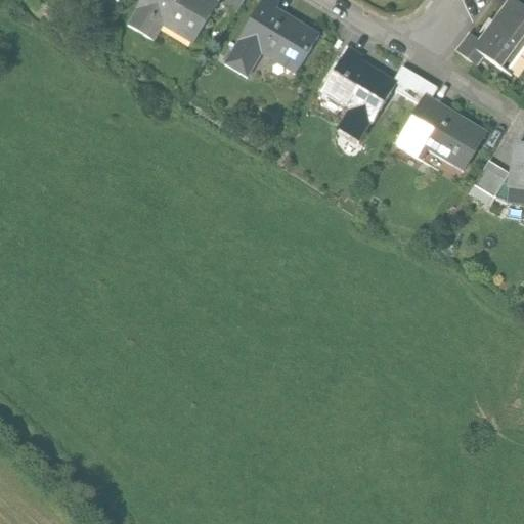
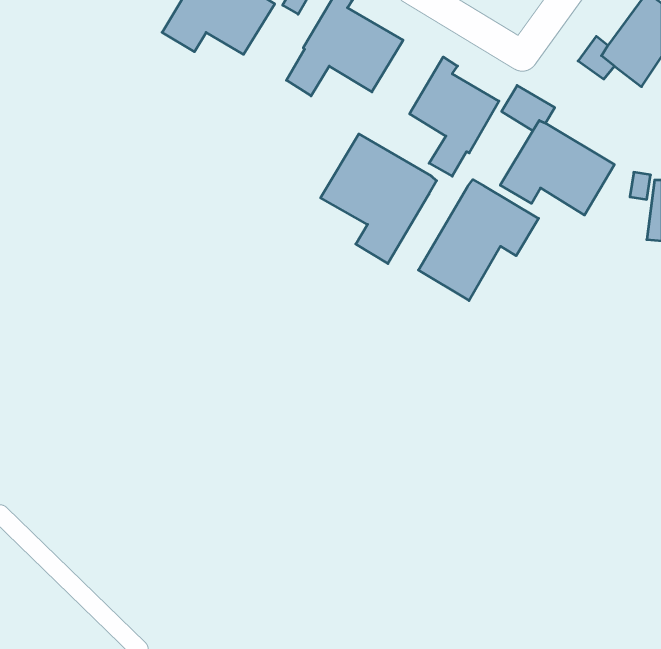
building: none -> [321,134,437,264]
building: none -> [418,180,539,301]
building: [475,157,511,194] -> none

